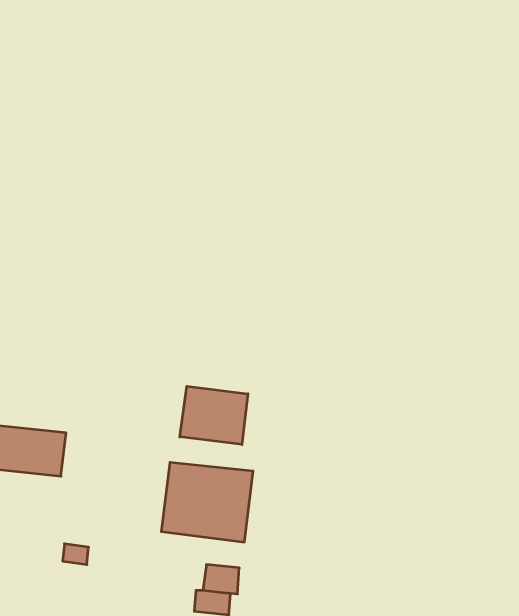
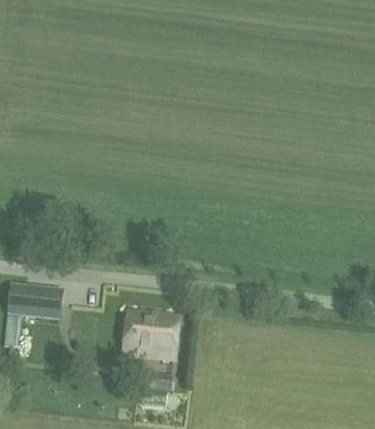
building: [180,386,248,445] -> none

